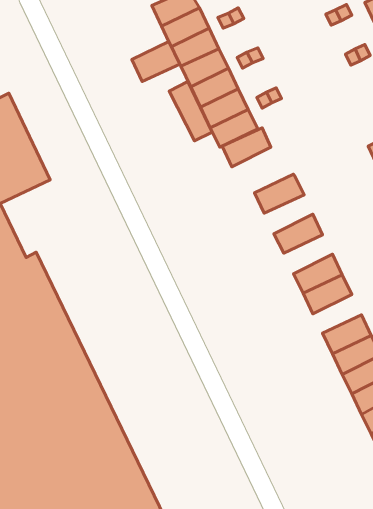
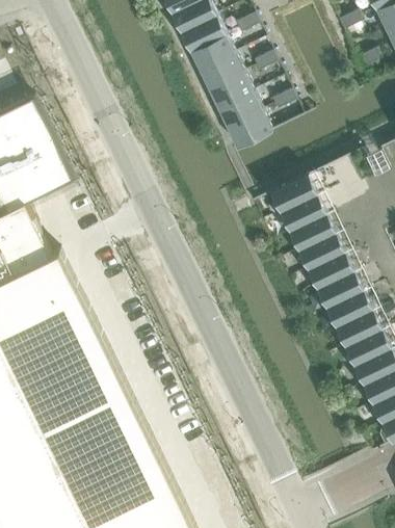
building: [132,41,180,81] -> none
building: [169,82,212,141] -> none
building: [222,128,271,167] -> [280,196,326,234]
building: none -> [298,235,345,272]
building: none -> [326,292,373,329]

